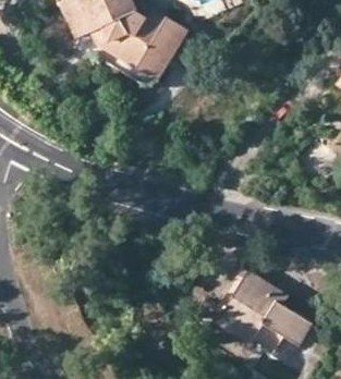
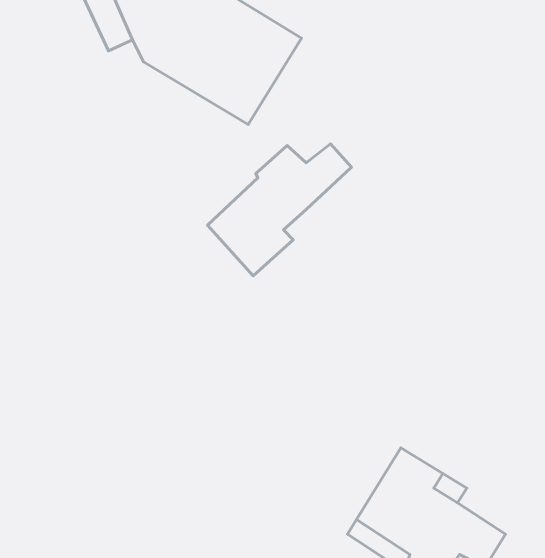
building: none -> [208,144,351,276]

